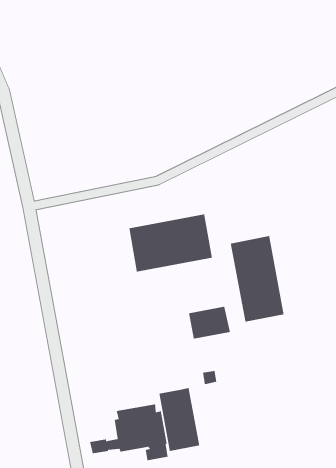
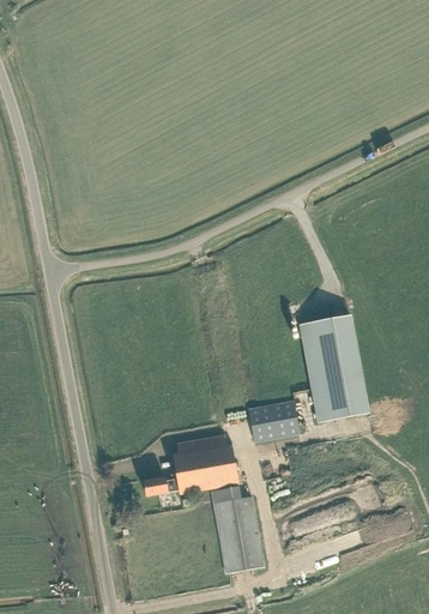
building: [128,213,213,273] -> none
building: [89,404,169,461] -> [144,434,240,504]

